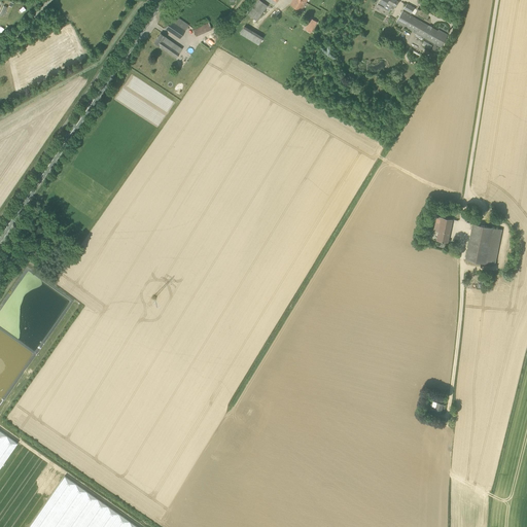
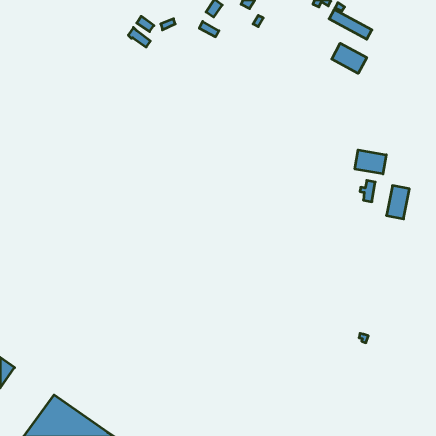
building: none -> [332,43,367,73]
building: none -> [355,150,386,174]

